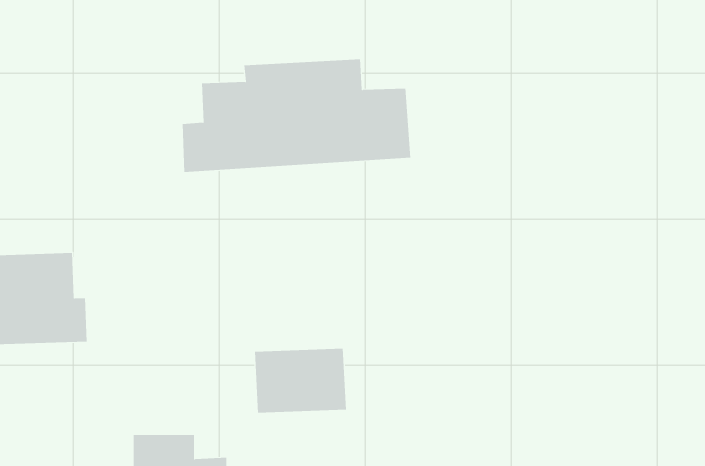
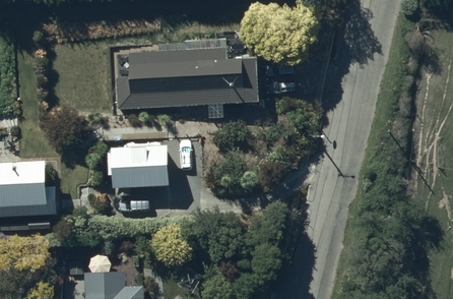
building: [254,348,347,413] -> [110,146,168,187]

